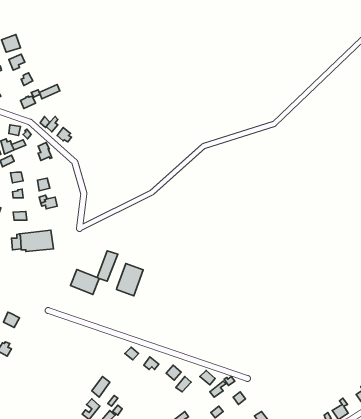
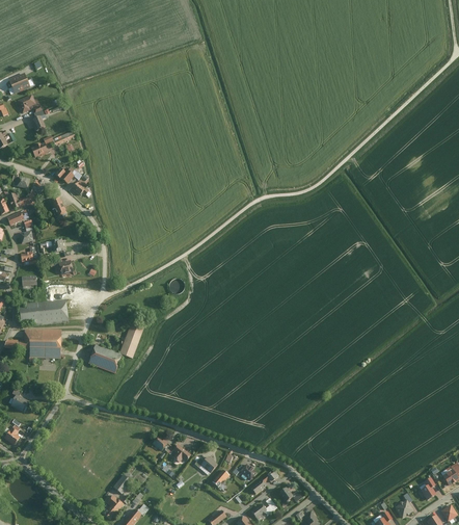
building: none -> [23,329,61,359]
building: [116,263,143,296] -> none

